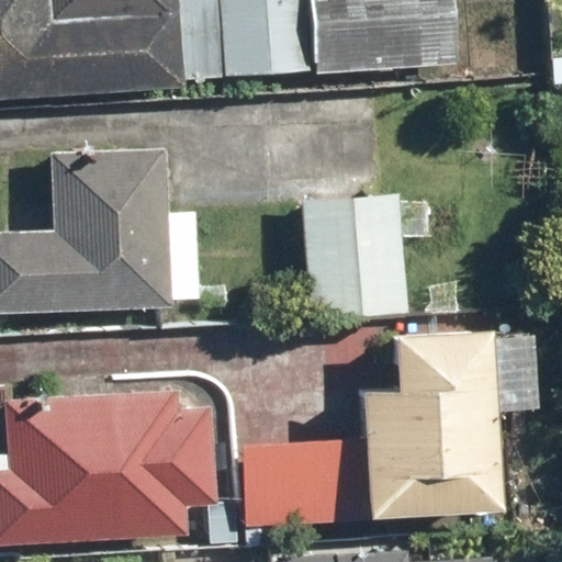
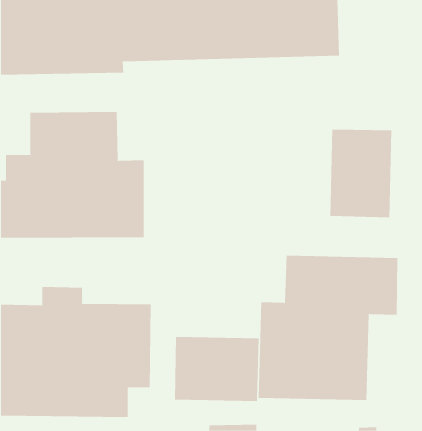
building: none -> [330,129,392,218]
building: [304,198,404,318] -> none

